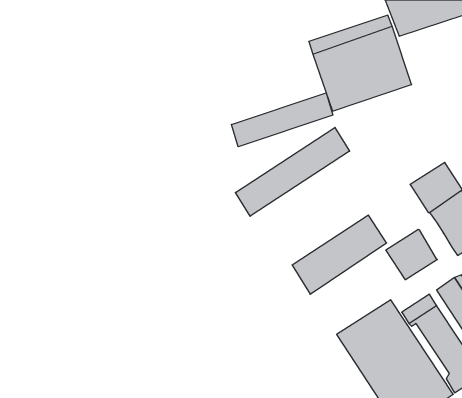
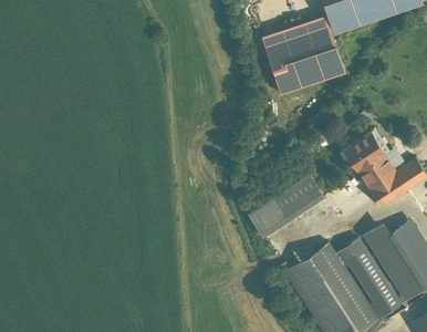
building: [231,93,333,147] -> none
building: [235,127,350,216] -> none
building: [386,229,437,280] -> none

